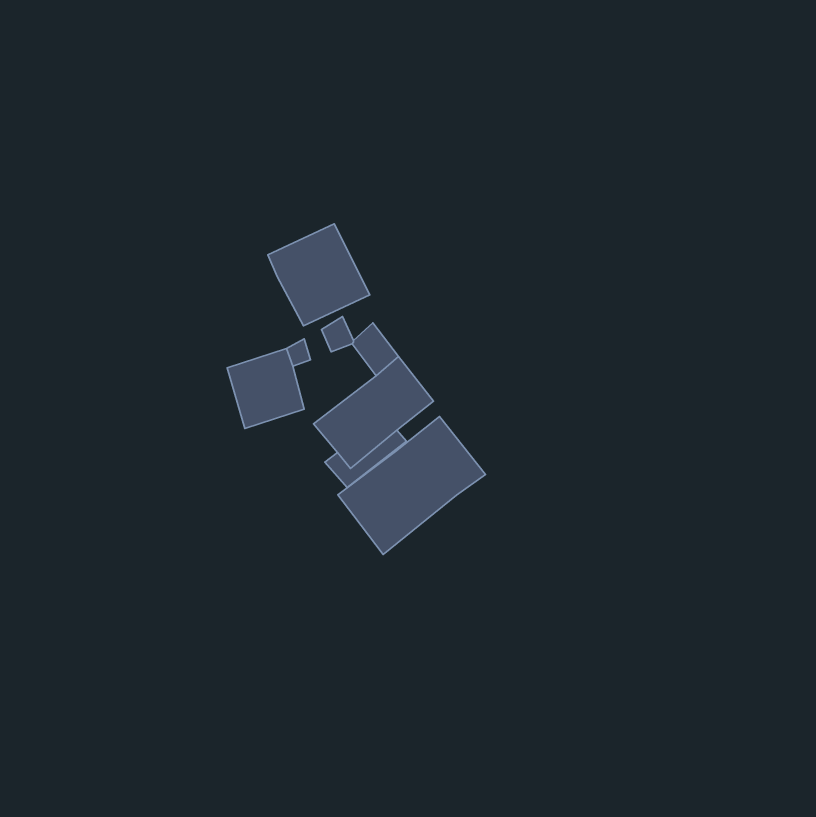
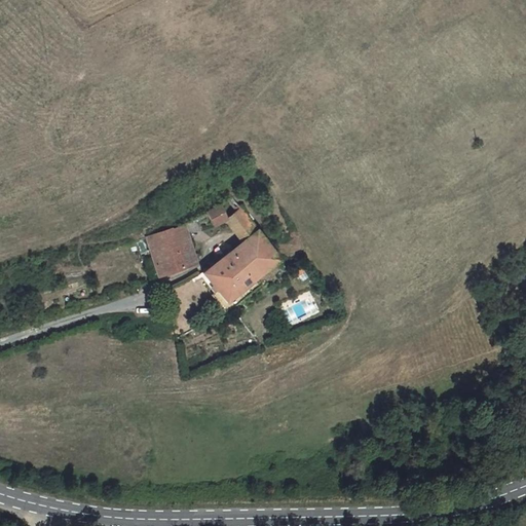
building: [268,224,370,326] -> none
building: [338,417,485,555] -> none

